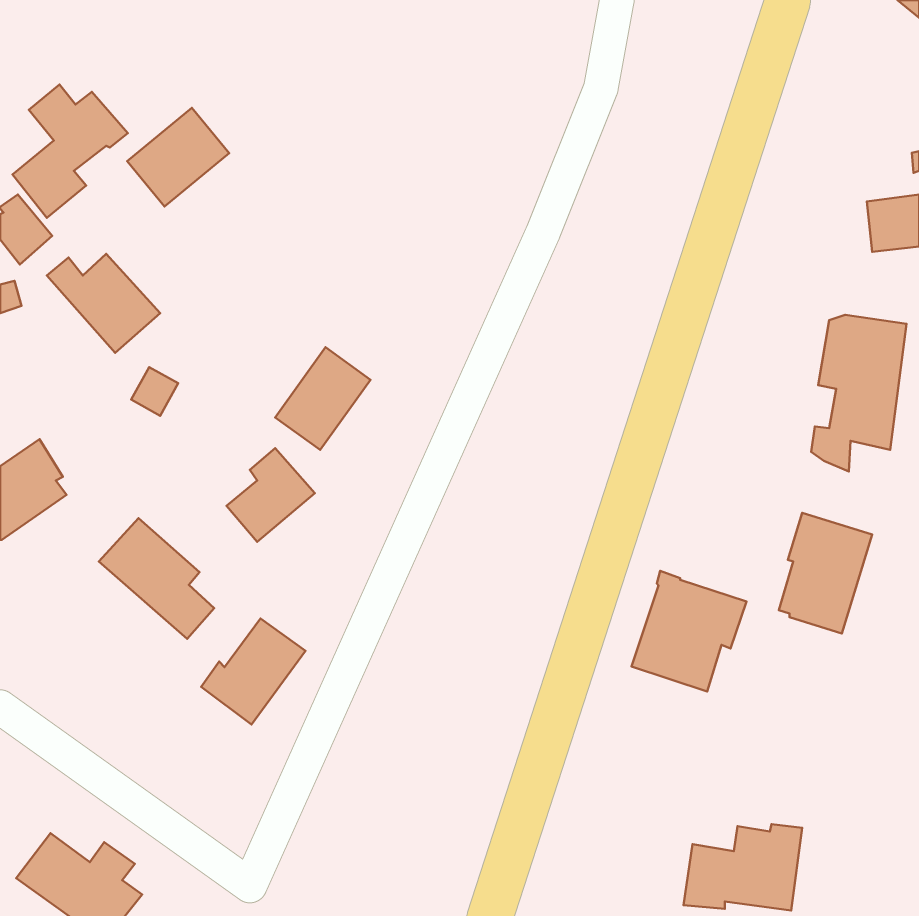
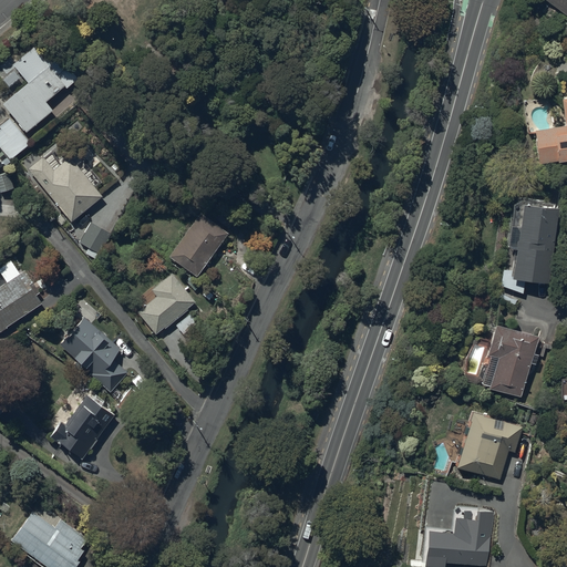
building: [127,108,229,206] -> none
building: [632,571,747,692] -> [453,404,524,478]
building: [201,618,306,725] -> [51,398,115,463]

